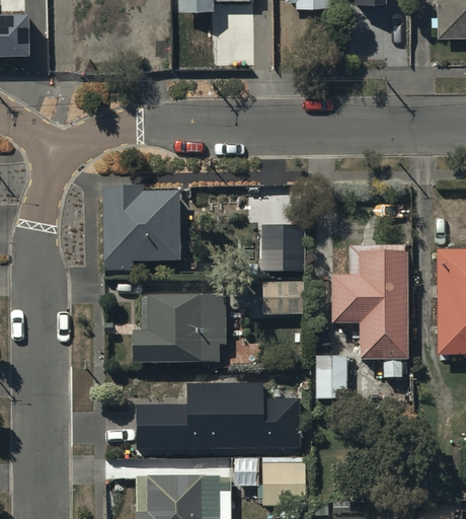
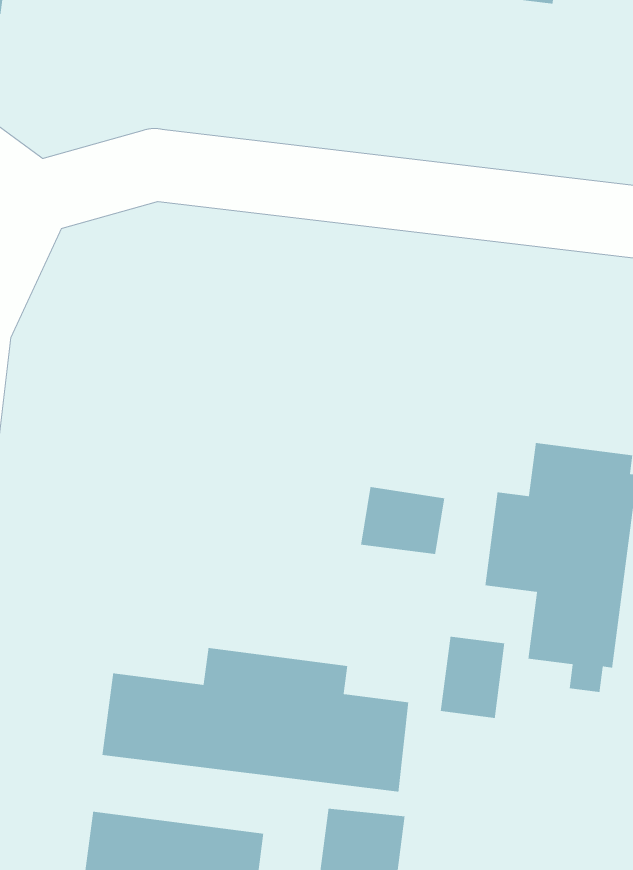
building: [103,188,178,271] -> none
building: [263,228,304,271] -> none
building: [133,294,226,362] -> none

